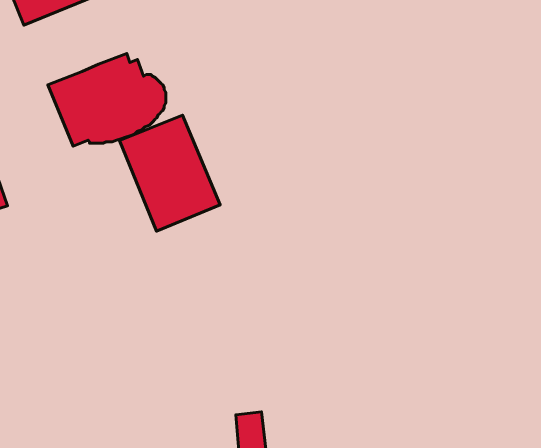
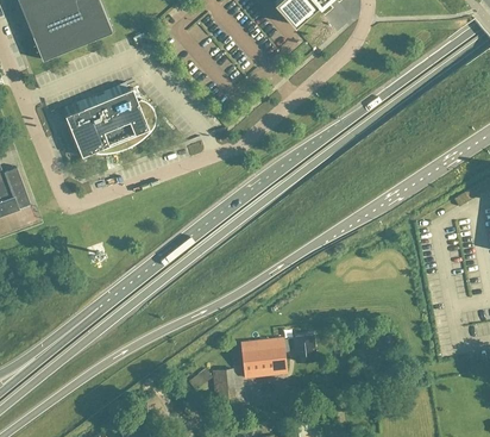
building: [119,115,220,231] -> none
building: none -> [240,335,315,379]

